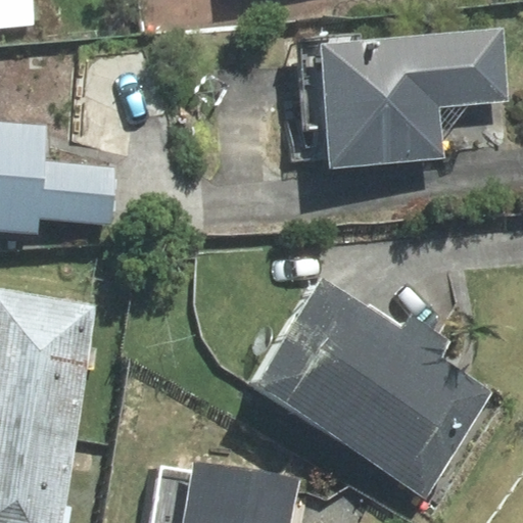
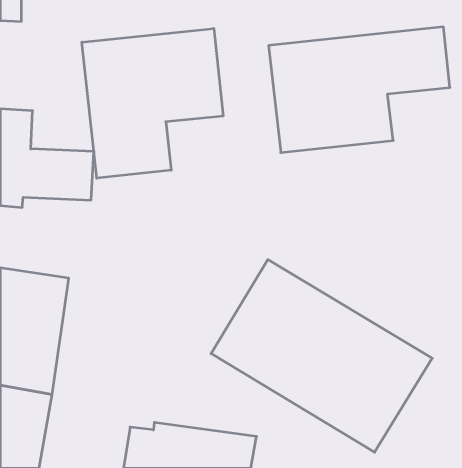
building: none -> [82,28,223,178]

